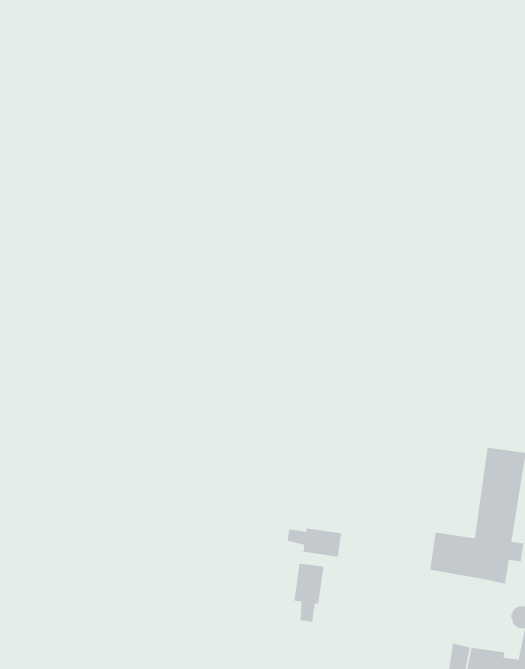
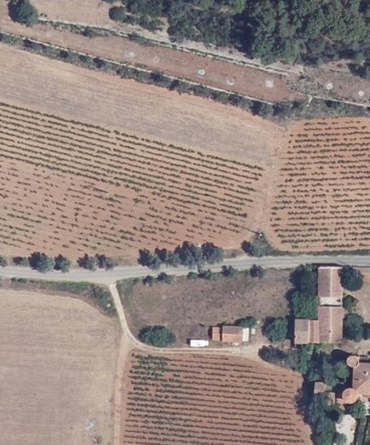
building: [294,563,324,622] -> none

